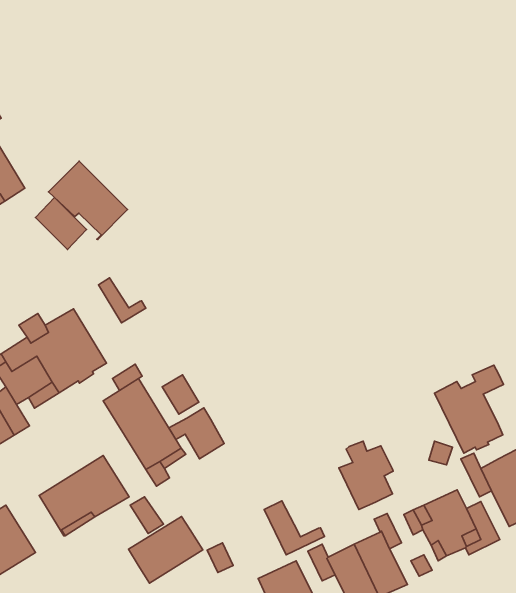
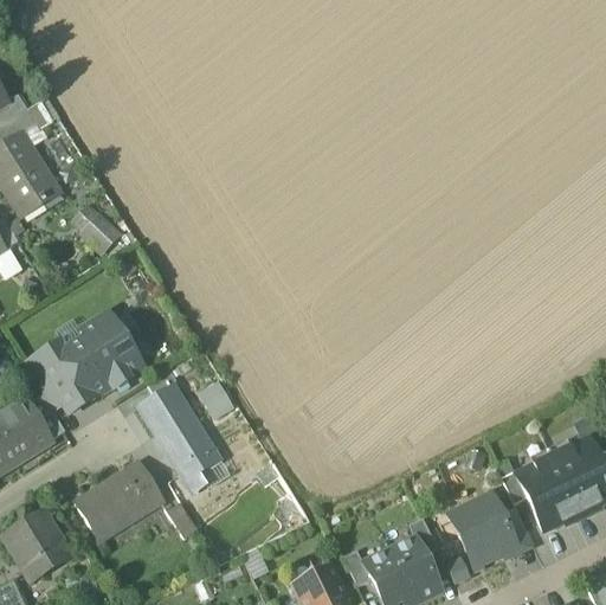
building: [48,161,127,239] -> none
building: [98,278,146,323] -> none
building: [434,365,504,453] -> none
building: [169,408,224,459] -> none
building: [339,441,393,509] -> none
building: [264,501,325,555] -> none
building: [129,517,203,583] -> none

